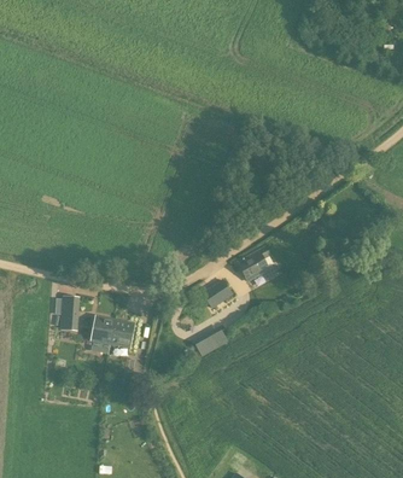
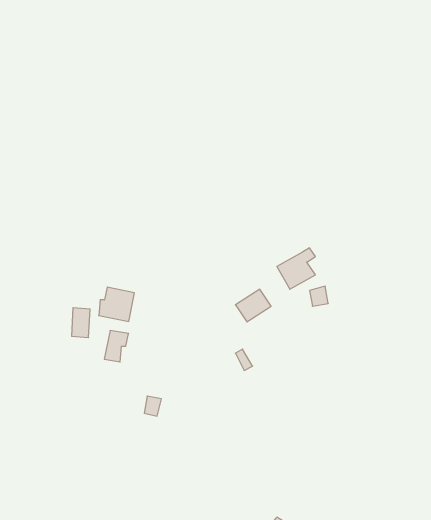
building: [103,319,133,348] -> [99,287,134,321]

